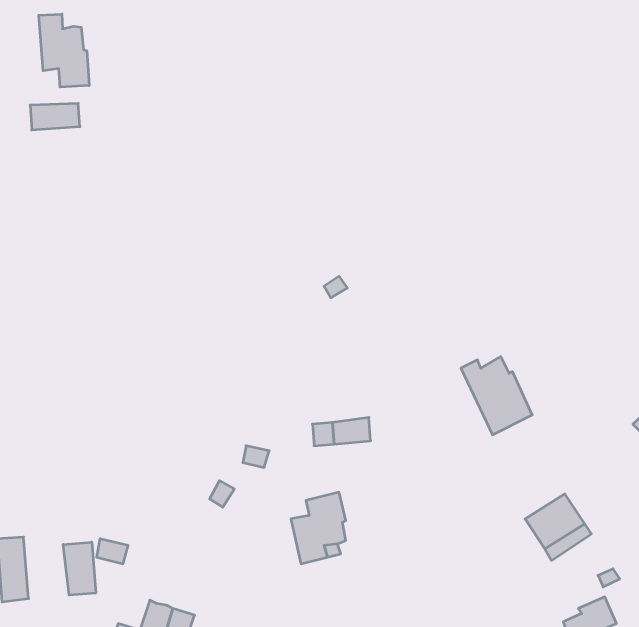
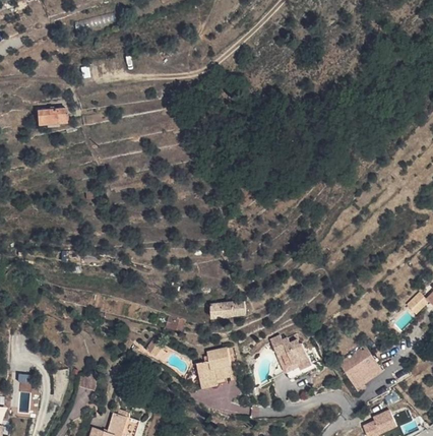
building: [39,14,89,87] -> none
building: [461,357,532,435] -> [270,333,314,381]
building: [63,542,96,595] -> none

